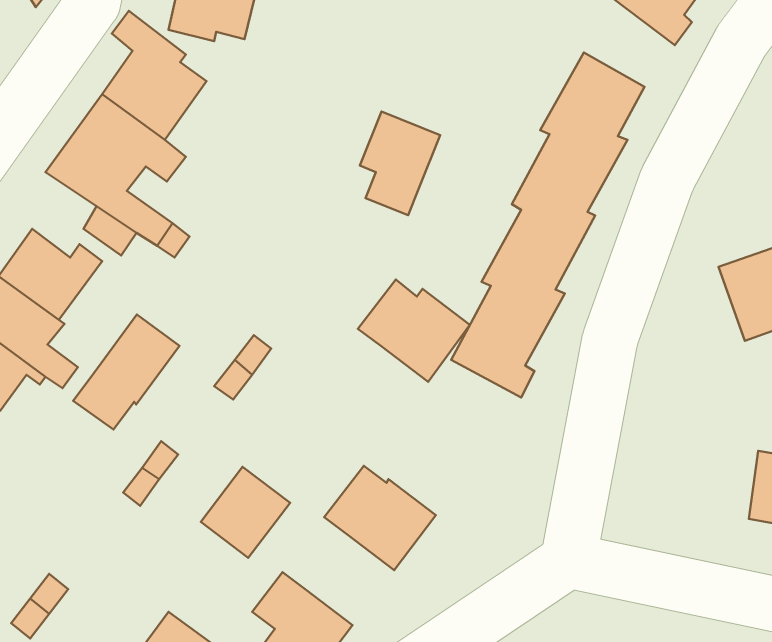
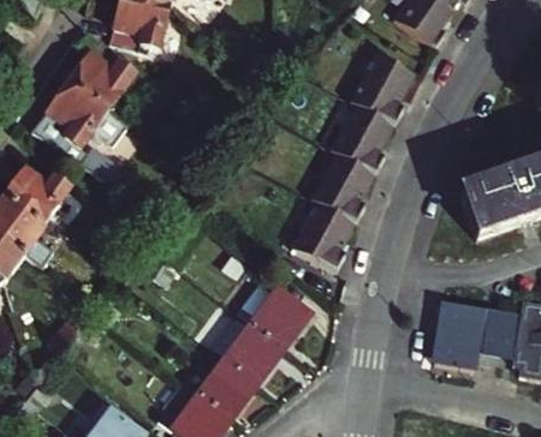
building: [360,112,440,215] -> none
building: [358,279,470,382] -> [237,282,308,347]
building: [73,315,179,430] -> none
building: none -> [434,300,486,366]
building: [201,467,290,558] -> [198,359,255,417]

